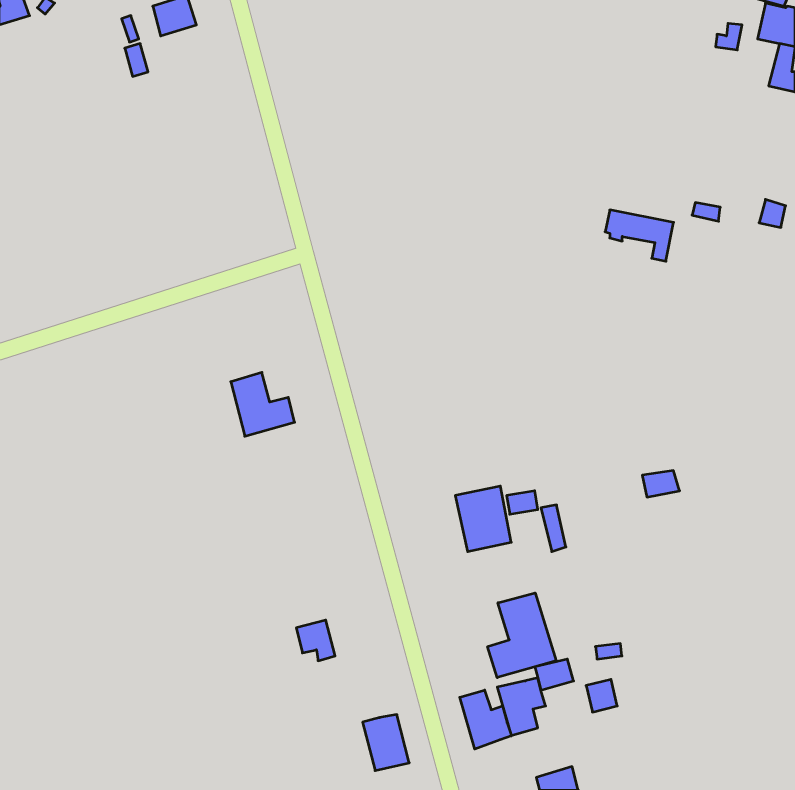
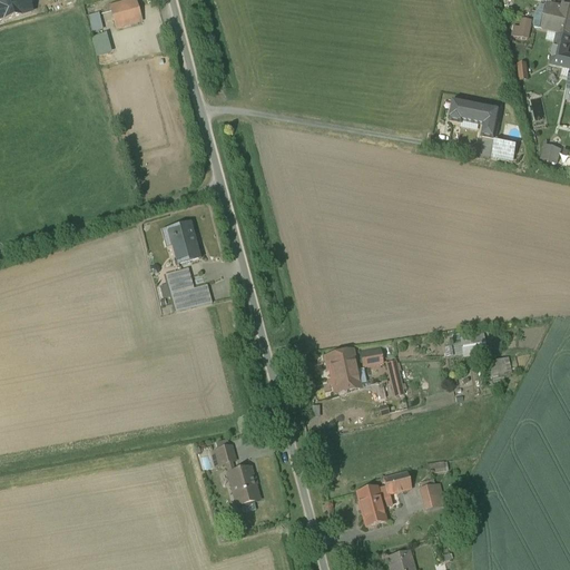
building: [605,210,674,261] -> [450,99,499,136]
building: none -> [163,222,203,262]
building: [488,593,556,678] -> none
building: [460,690,511,749] -> none
building: [363,715,409,771] -> [227,466,261,507]

